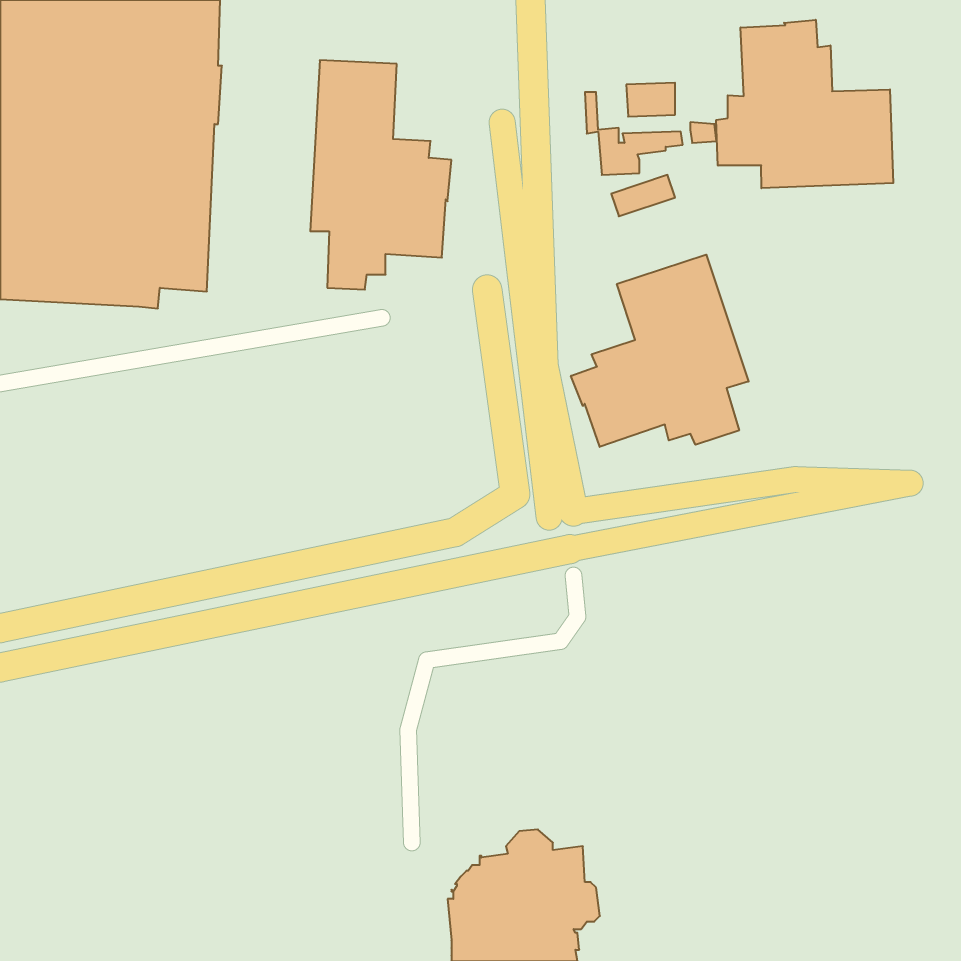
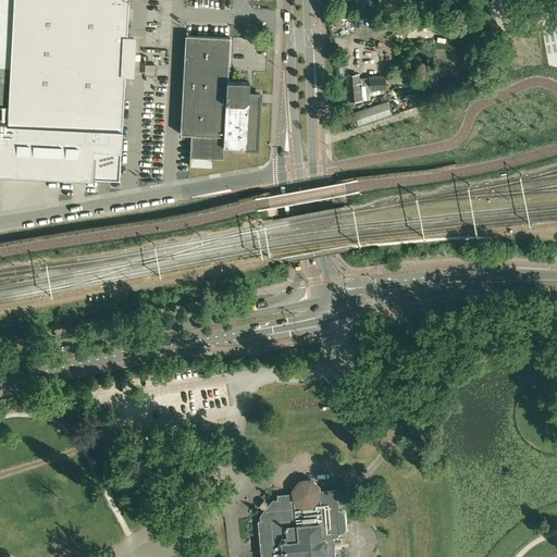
building: [716,20,893,188] -> none
building: [571,255,749,447] -> none

